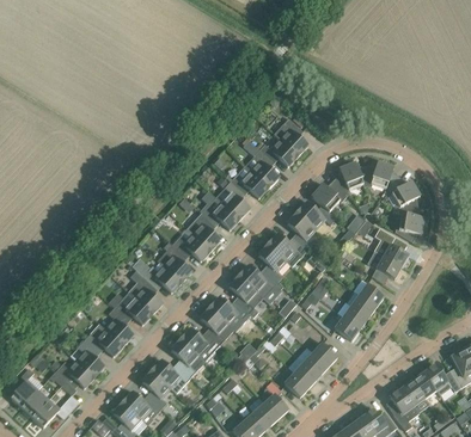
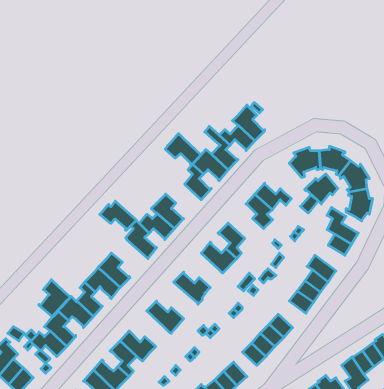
building: [311,179,347,211] -> [305,174,338,204]
building: [201,196,239,229] -> [165,134,201,165]
building: [268,233,306,265] -> none
building: [142,261,182,293] -> [100,201,136,230]
building: [228,276,262,318] -> none
building: none -> [39,280,71,317]
building: [200,307,234,345] -> none
building: [171,338,204,376] -> none

